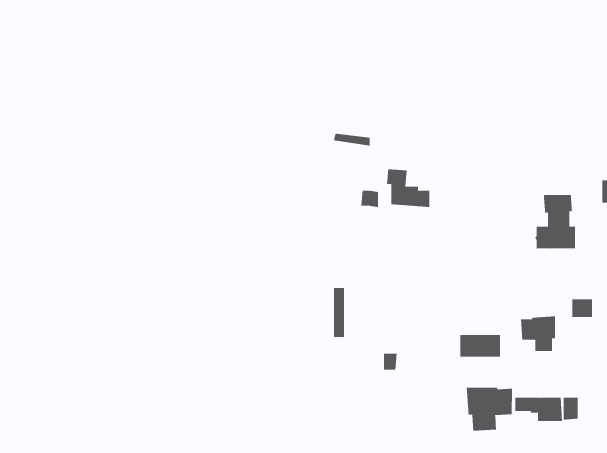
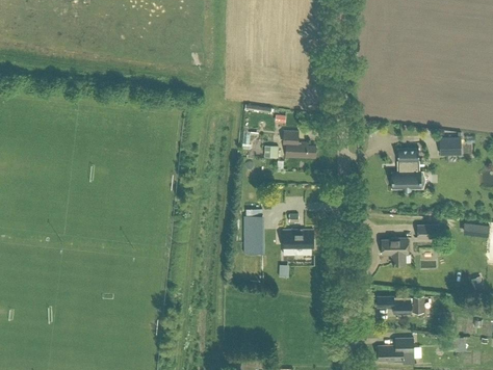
building: [459,334,501,357] -> [283,230,313,246]
building: [466,387,513,431] -> none

